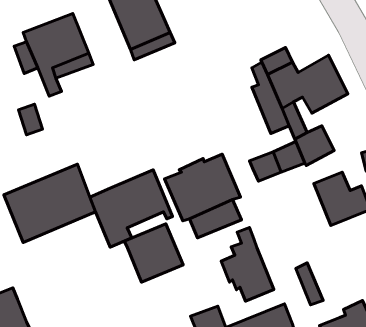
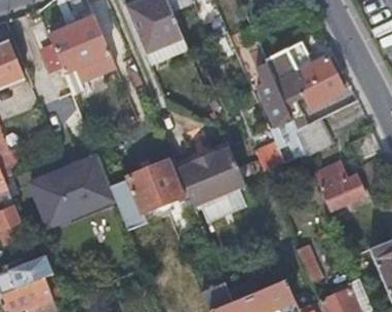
building: [124,224,183,282] -> none
building: [221,228,274,301] -> none

